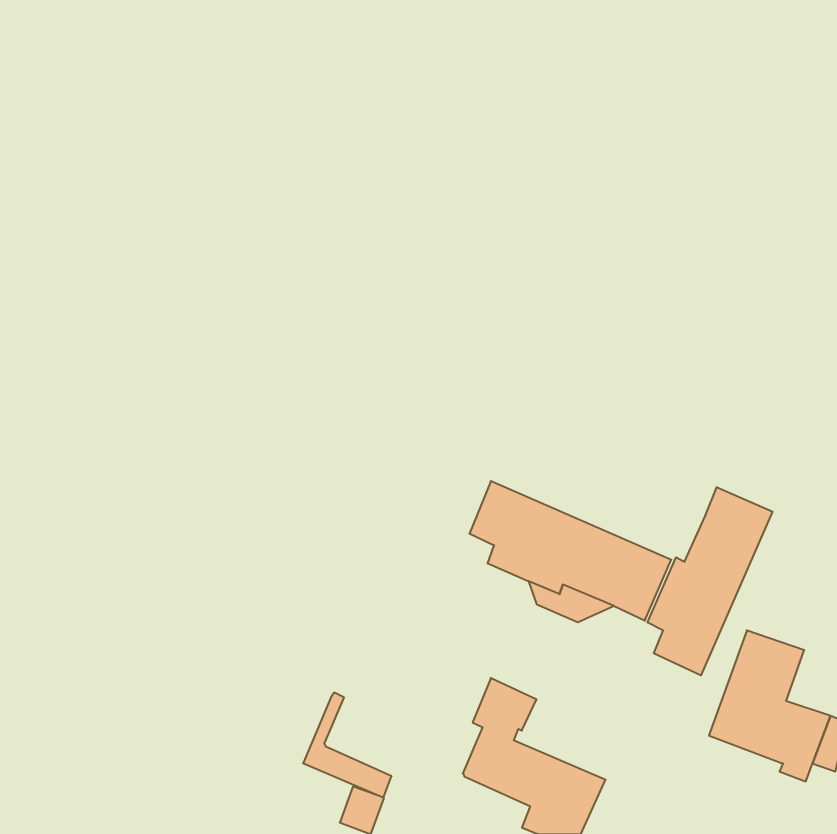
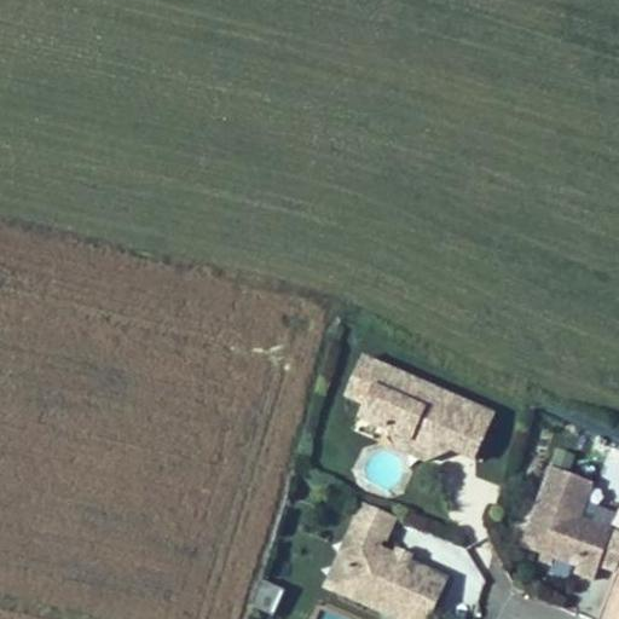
building: [648,487,772,675] -> none
building: [303,693,392,798] -> [326,532,392,609]

